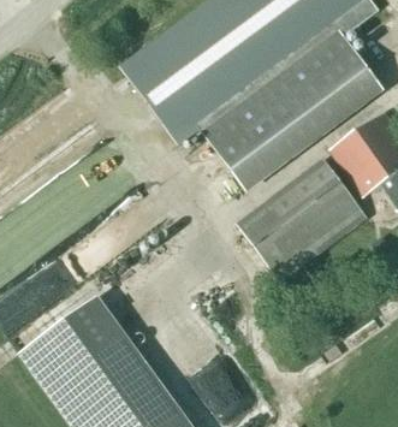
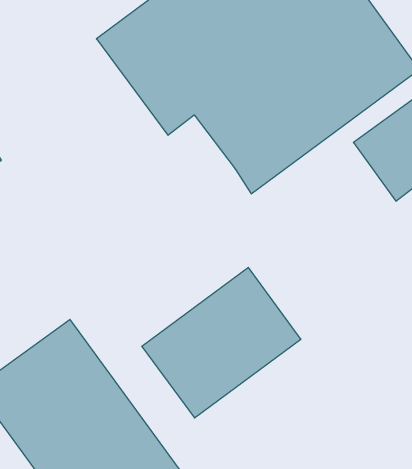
building: [237,158,368,281] -> [142,267,301,418]

